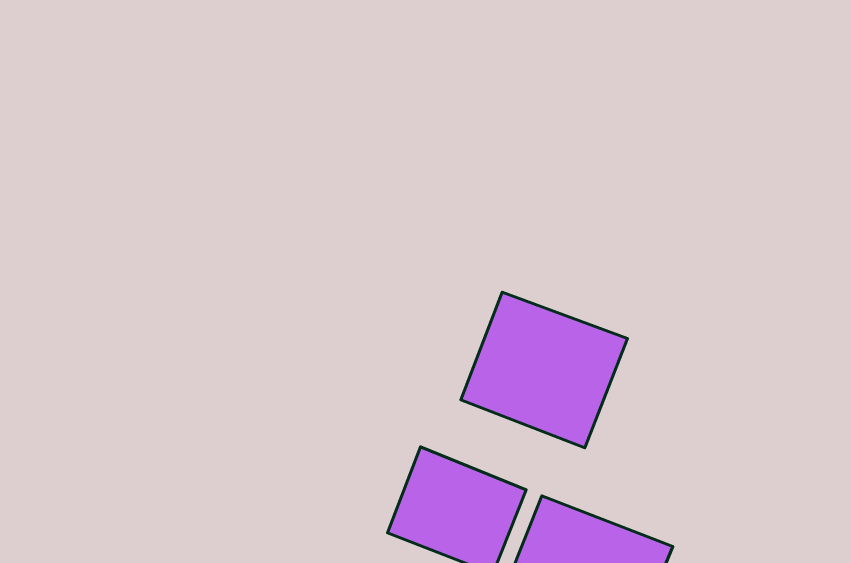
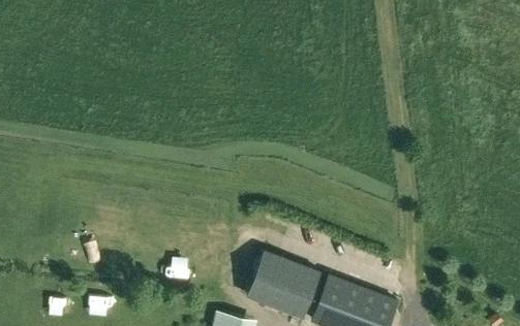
building: [461,292,628,448] -> none

